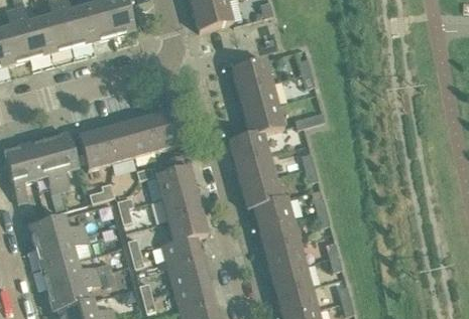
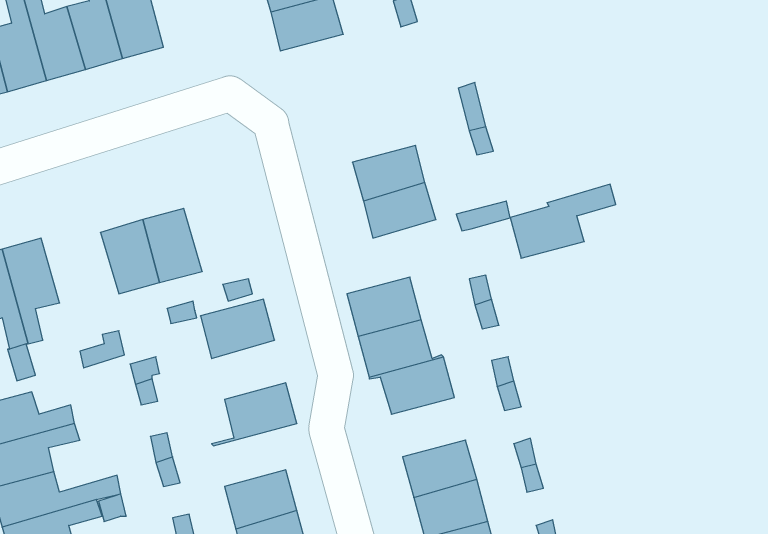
building: [232,58,272,91] -> none
building: [146,110,179,150] -> none
building: [229,122,286,162] -> [510,184,616,258]
building: [79,129,111,169] -> none
building: [161,187,202,219] -> none
building: [259,218,300,251] -> none
building: [162,232,209,267] -> none

